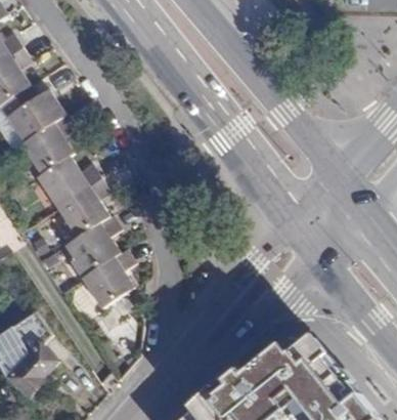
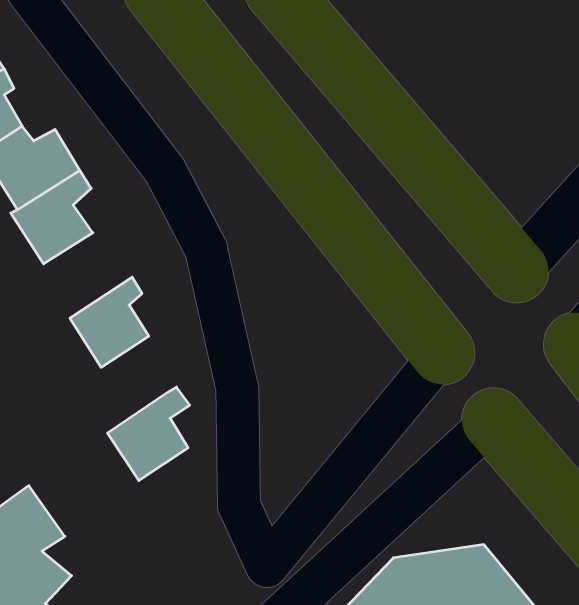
building: [36,155,95,205] -> none
building: [64,213,118,277] -> none

